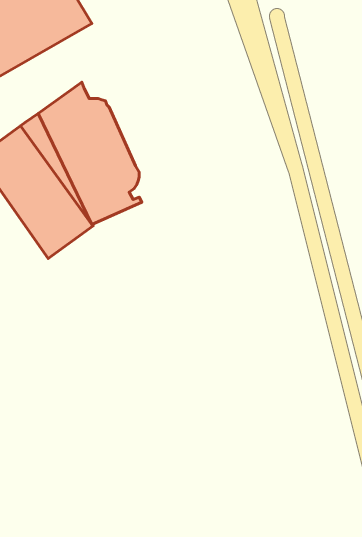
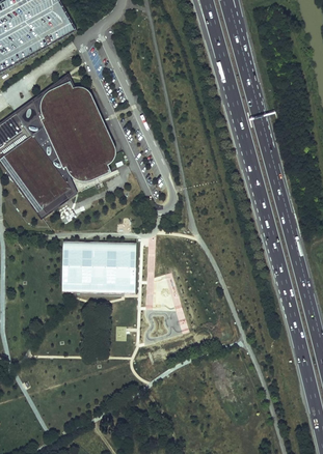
building: none -> [61,242,135,293]

